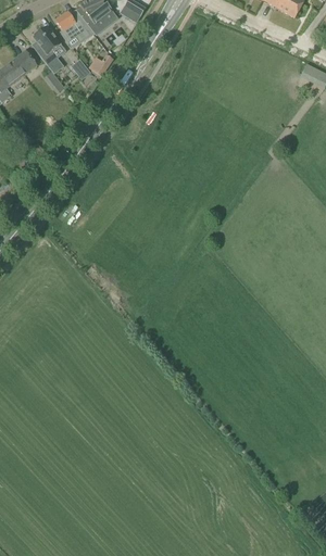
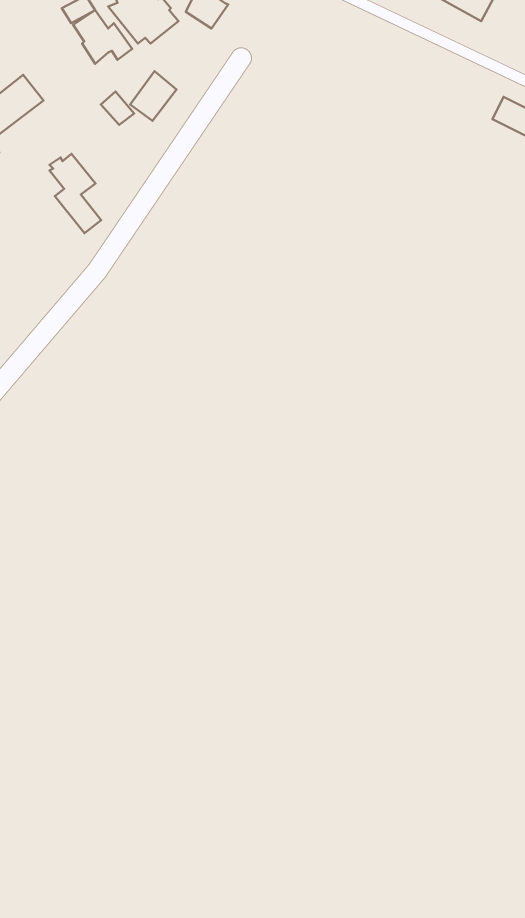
building: [33,26,63,73] -> [49,154,101,233]

